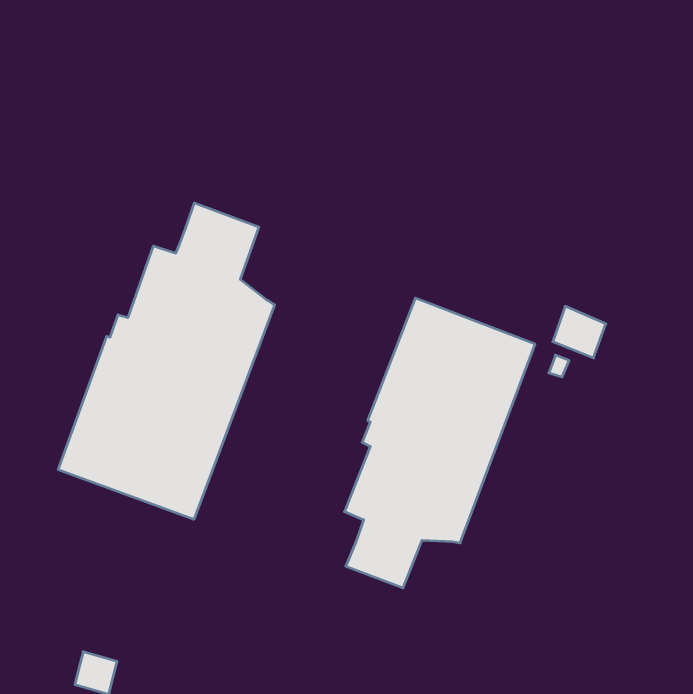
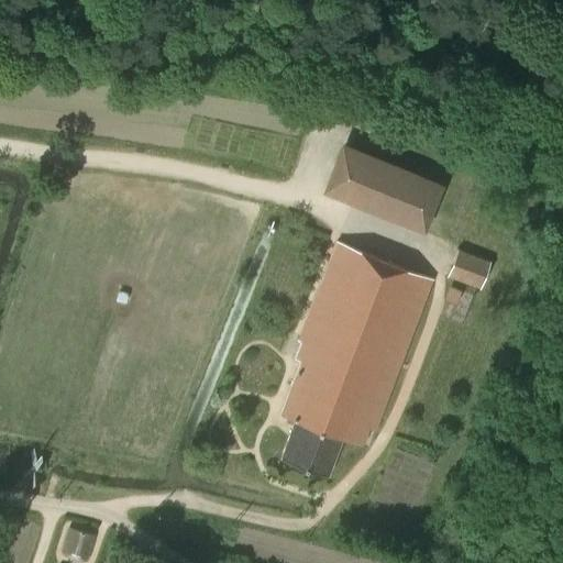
building: none -> [323,145,446,236]
building: [58,203,275,519] -> none

